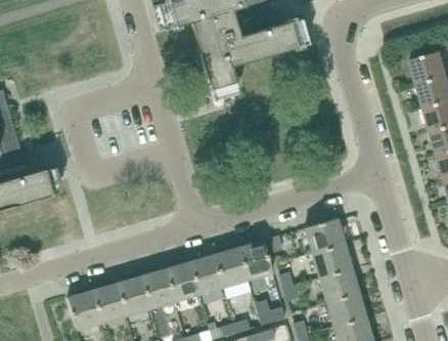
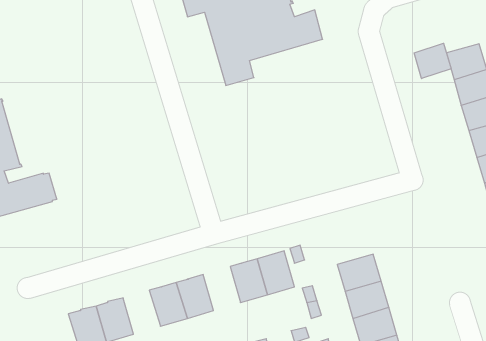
building: none -> [414,43,451,79]
building: [304,218,344,252] -> none
building: [189,254,223,294] -> none
building: [117,275,150,315] -> none

